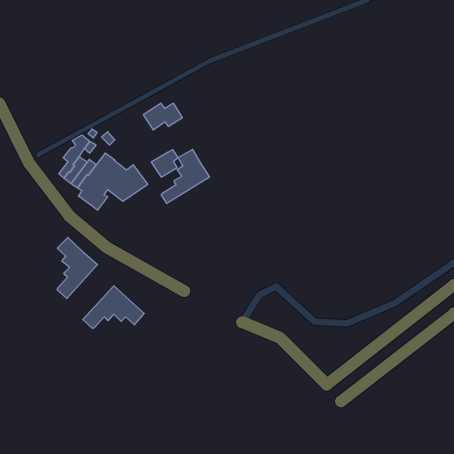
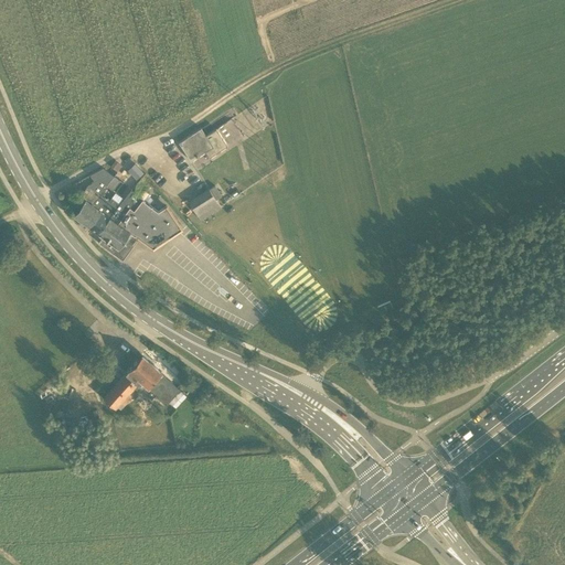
building: [161,149,209,203] -> none
building: [57,237,98,299] -> none

